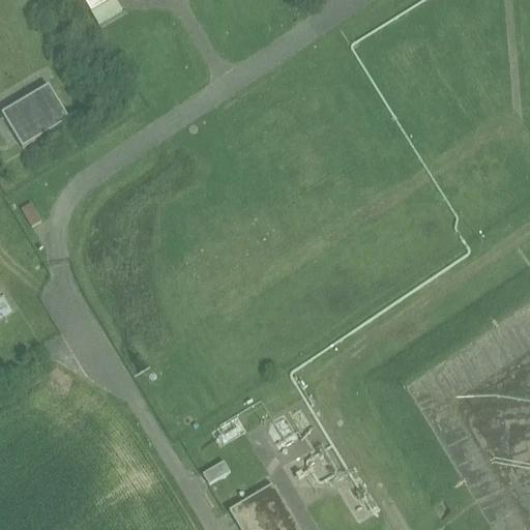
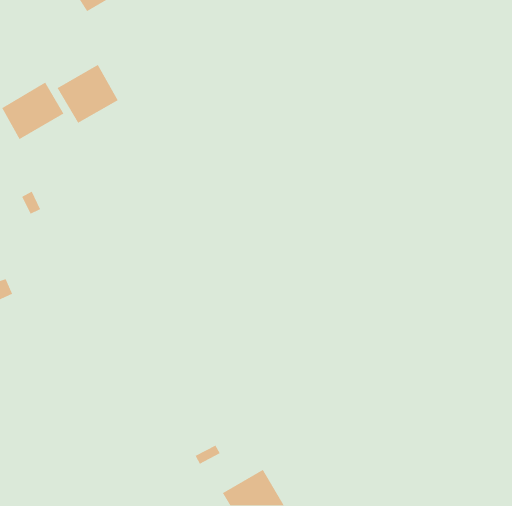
building: none -> [57,64,119,124]

